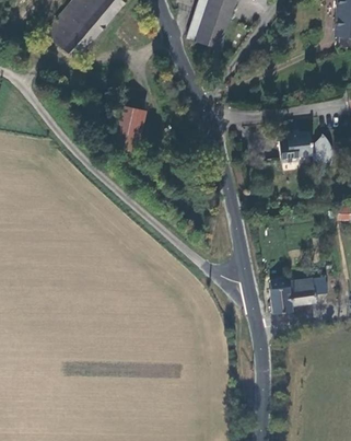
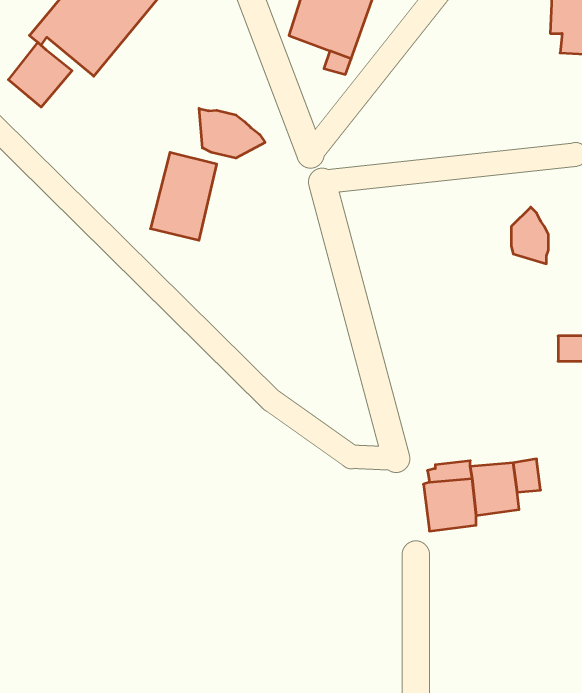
building: none -> [8,42,72,107]
building: none -> [199,108,265,158]
building: [277,131,311,164] -> none

